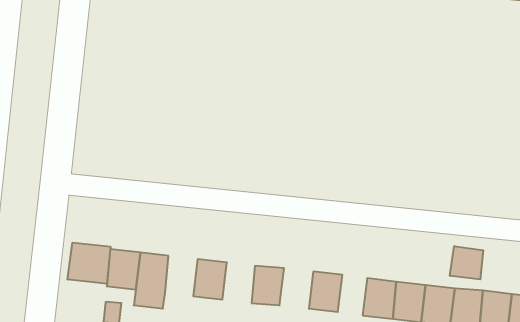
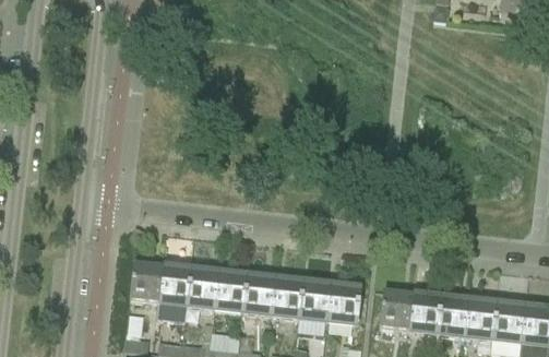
building: [68,243,110,284] -> none
building: [450,246,483,279] -> none
building: none -> [188,270,219,309]
building: none -> [243,276,275,316]
building: none -> [299,282,332,321]

